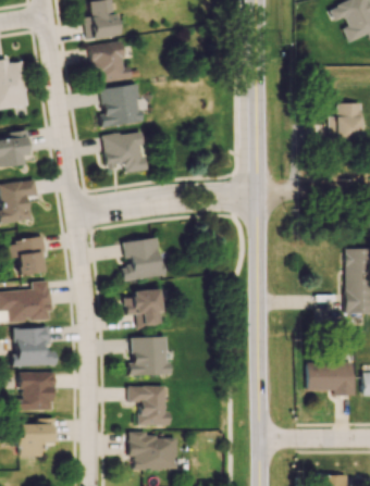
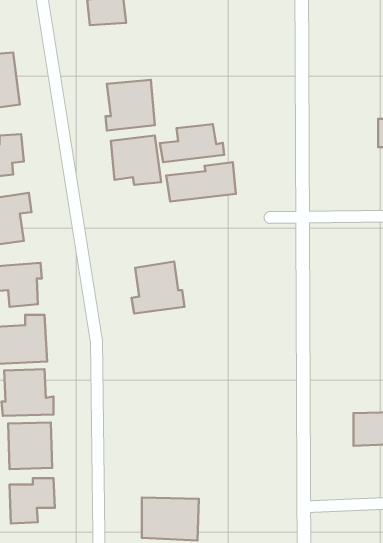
building: [91,41,132,84] -> none
building: none -> [160,124,224,162]
building: none -> [166,162,236,202]
building: [126,289,163,326] -> none
building: [128,337,172,376] -> none
building: [130,386,171,426] -> none

